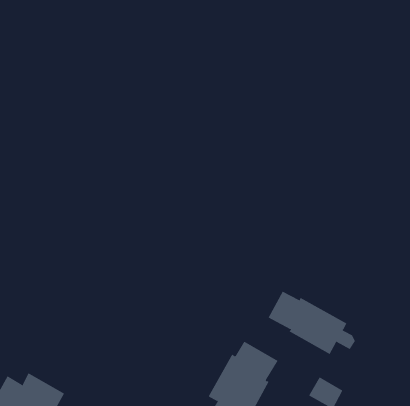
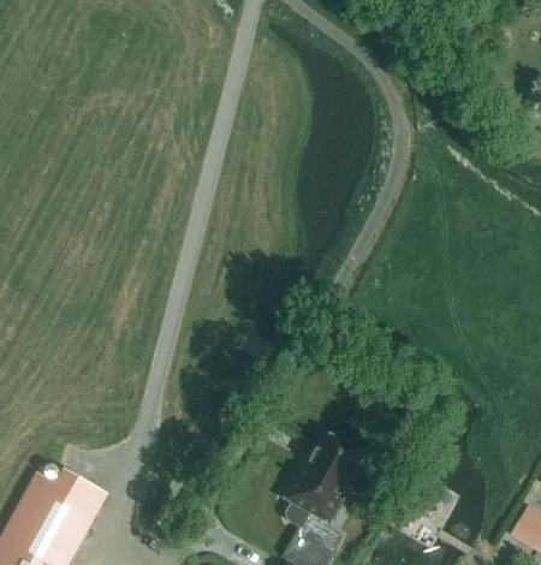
building: [268,291,356,355] -> none

